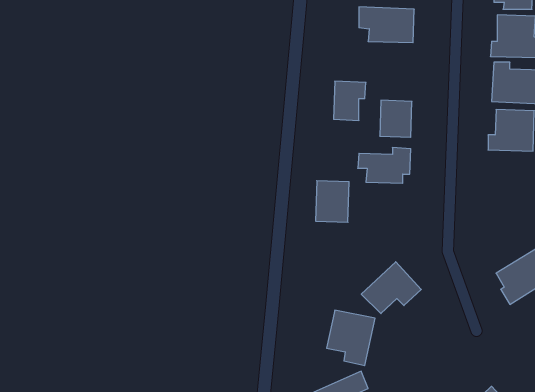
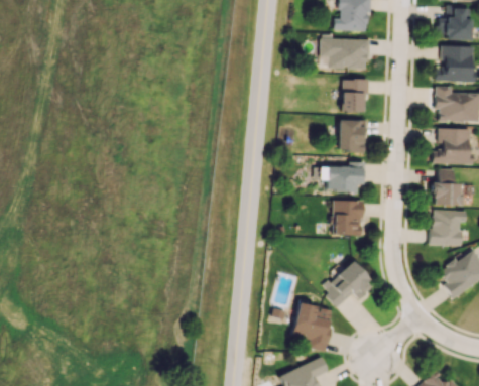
building: [334,81,366,120] -> [341,79,369,113]
building: none -> [433,168,461,206]
building: [316,181,349,222] -> [333,200,362,236]
building: none -> [431,210,467,246]

